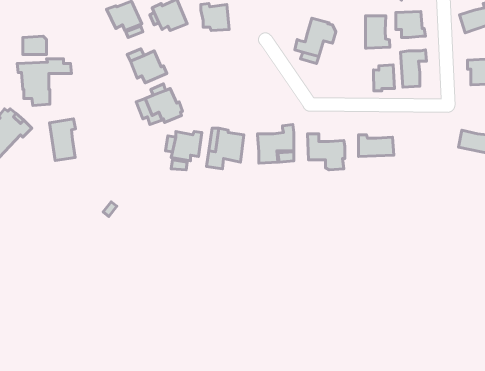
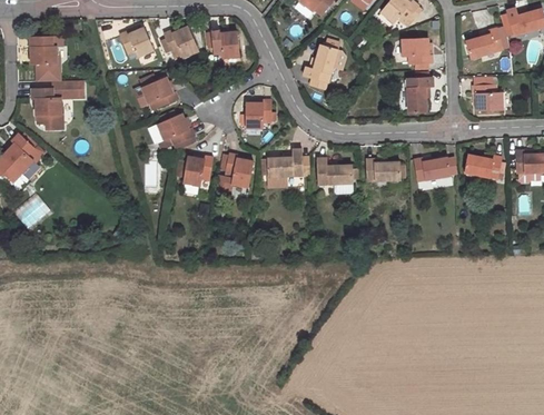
building: none -> [30,37,62,63]
building: [365,16,390,48] -> none
building: [374,65,395,91] -> none
building: none -> [246,100,271,127]
building: [49,119,76,161] -> none
building: none -> [414,157,451,181]

